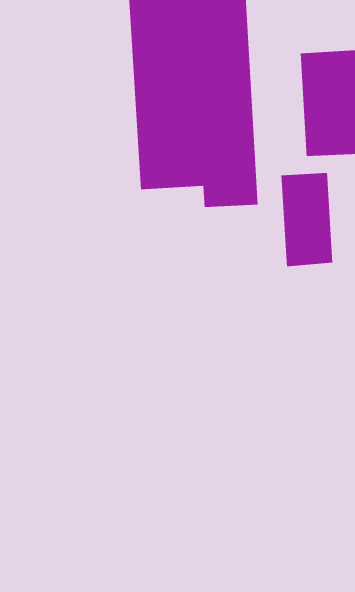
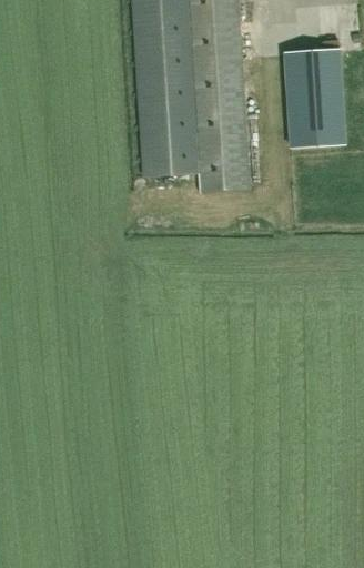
building: [281,172,333,267] -> none

